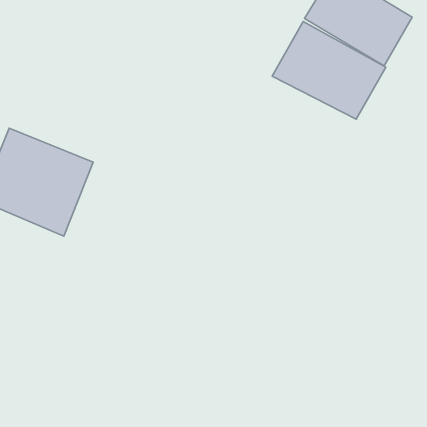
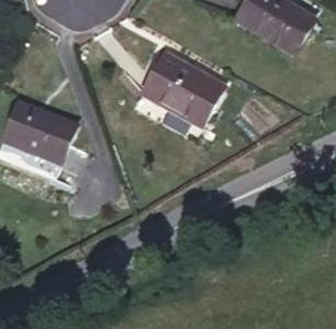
building: [272,21,386,119] -> [140,50,224,123]

